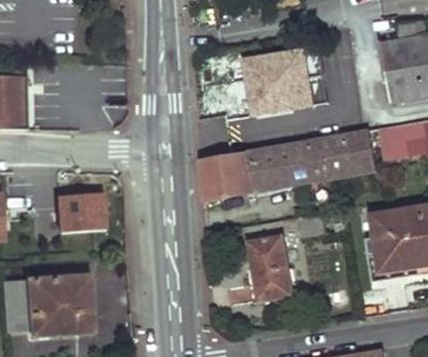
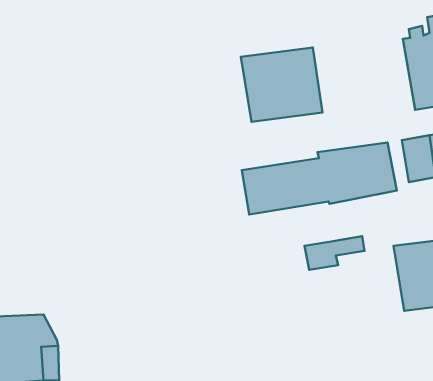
building: [201,154,252,200] -> none
building: [57,185,107,227] -> none
building: [245,234,292,303] -> none

